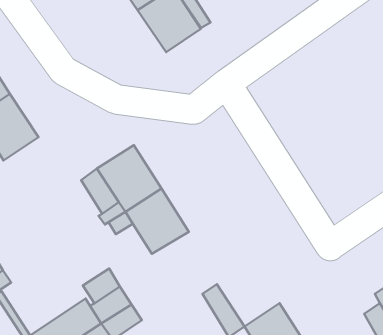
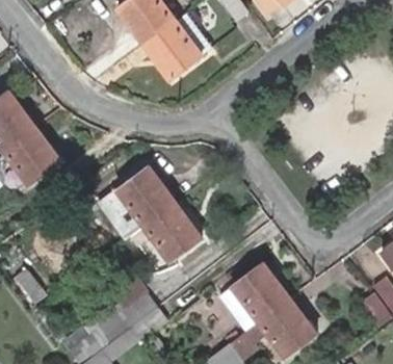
building: none -> [231,262,288,321]

